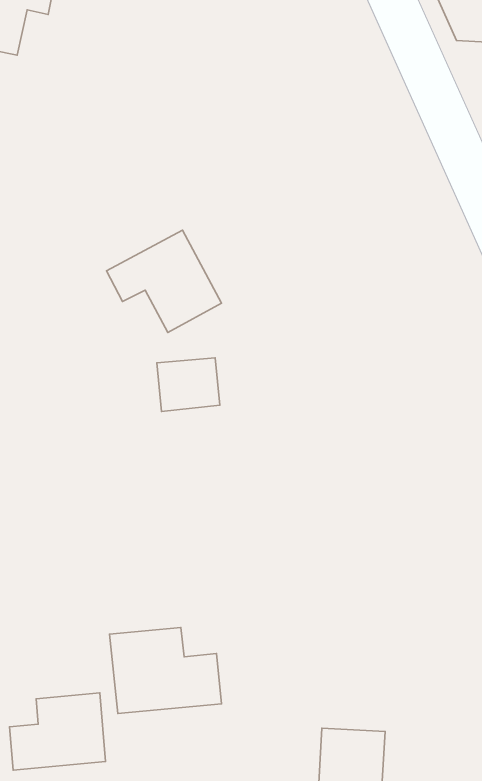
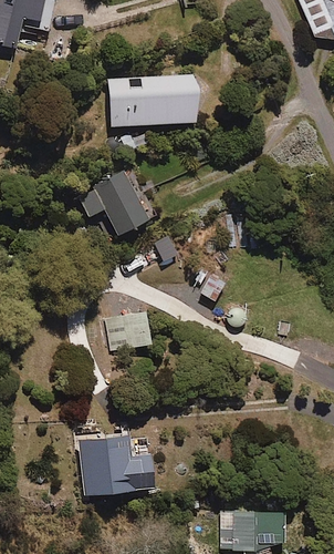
building: none -> [108,74,197,125]
building: [157,358,220,412] -> [106,312,149,349]
building: [9,693,106,770] -> none

